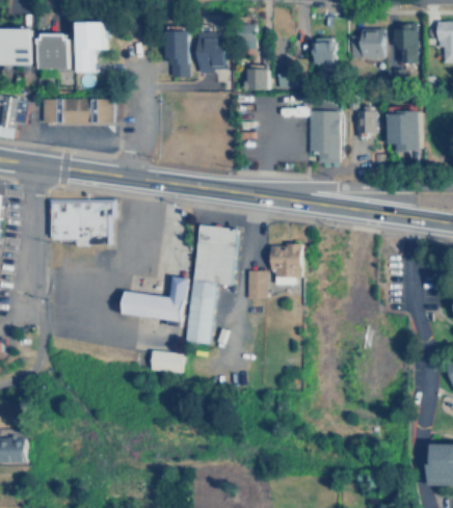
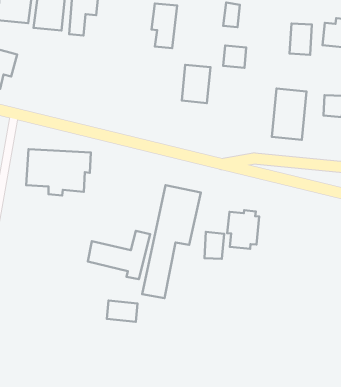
building: [201,33,228,72] -> [182,65,210,103]
building: [39,98,111,123] -> none

